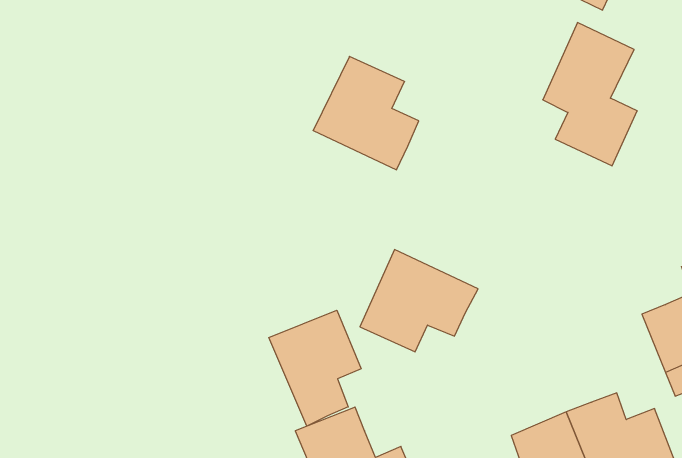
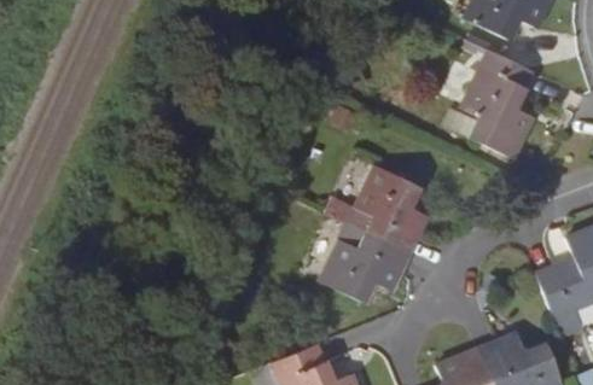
building: [313,56,419,170] -> [348,165,429,252]
building: [269,310,361,426] -> none

